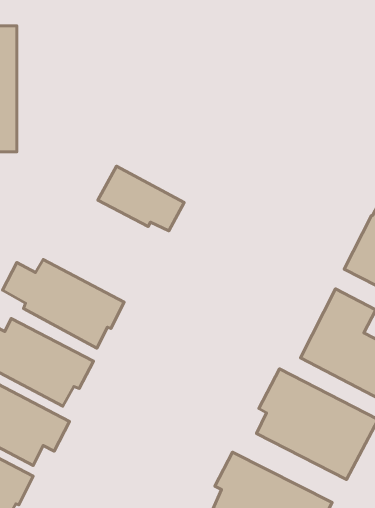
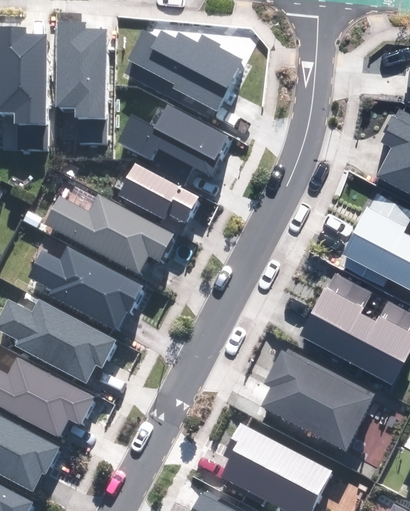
building: none -> [57,22,105,143]
building: none -> [121,31,243,121]
building: none -> [118,106,228,175]
building: none -> [44,196,172,273]

